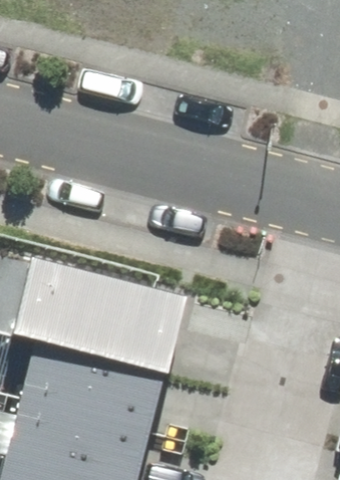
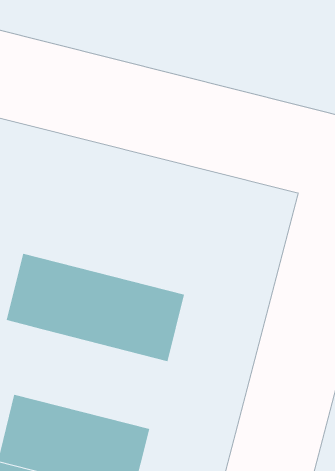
building: [31,326,169,418] -> none

